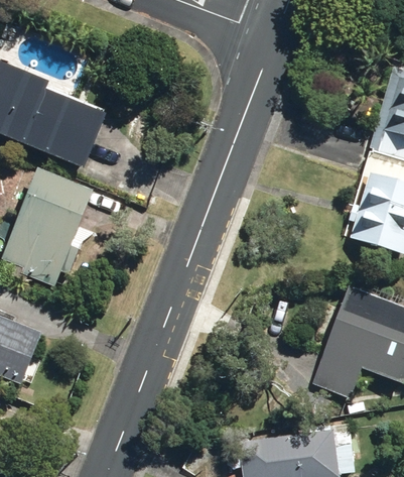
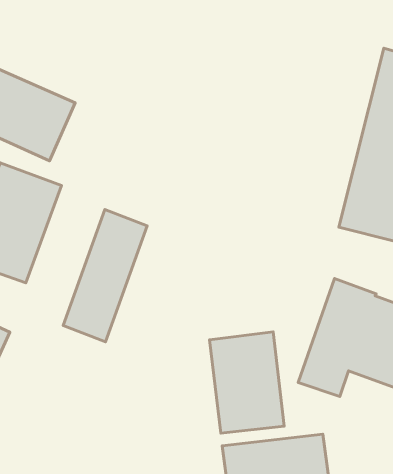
building: none -> [63,210,147,342]
building: none -> [210,332,284,433]

